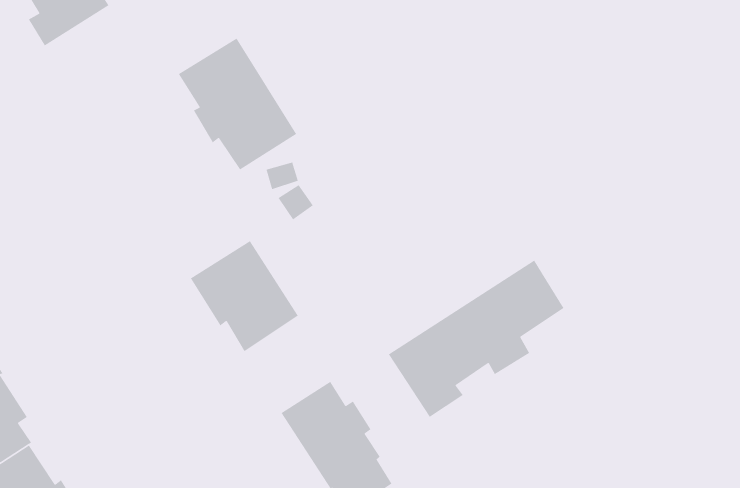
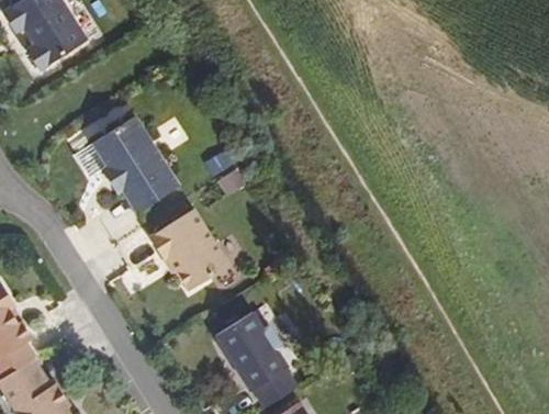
building: [178,37,297,171] -> [90,114,177,211]
building: [388,259,565,418] -> none

